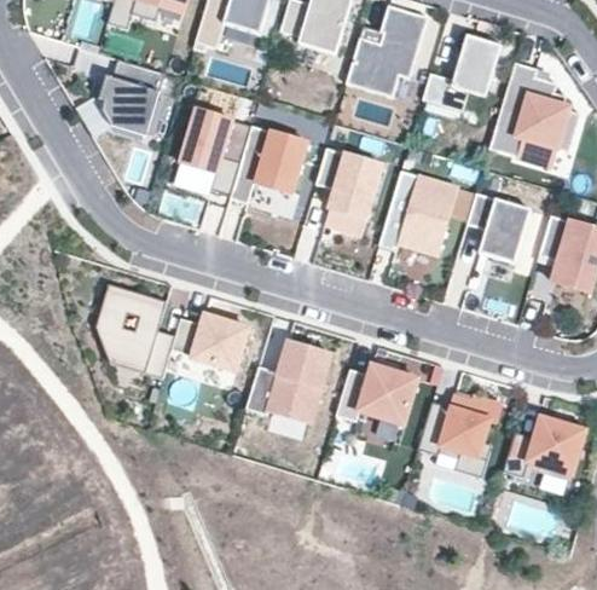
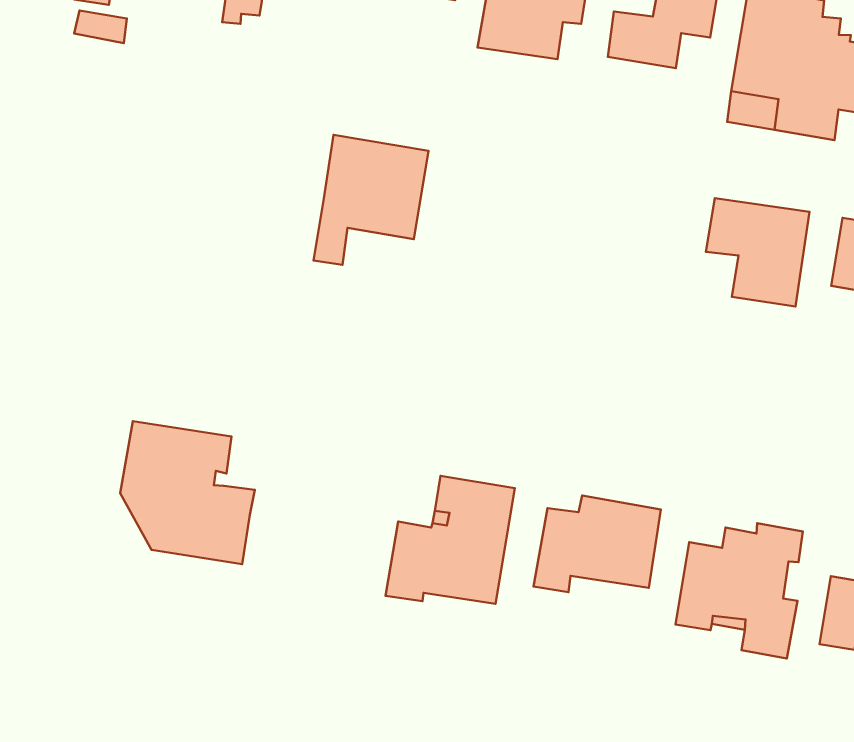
building: [99,58,166,135] -> none
building: [181,110,253,174] -> none
building: [315,149,382,219] -> none
building: [379,170,457,254] -> none
building: [173,312,250,369] -> none

